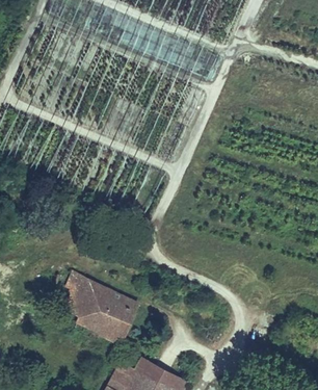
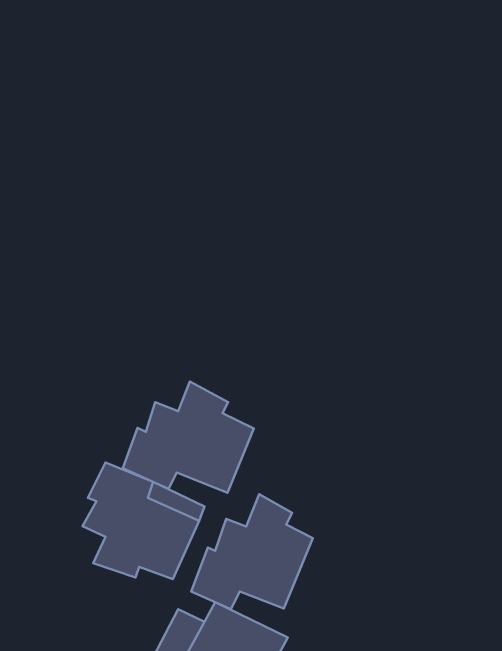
building: none -> [123,382,254,493]
building: none -> [191,494,313,609]

